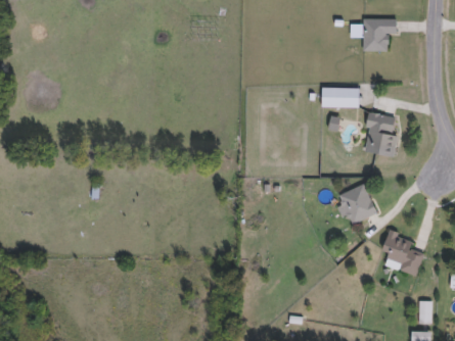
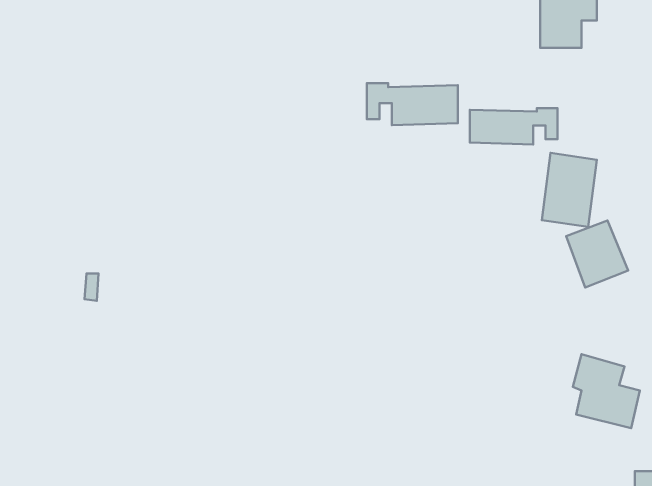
building: none -> [367,83,458,125]
building: [339,185,376,225] -> [566,221,628,288]

